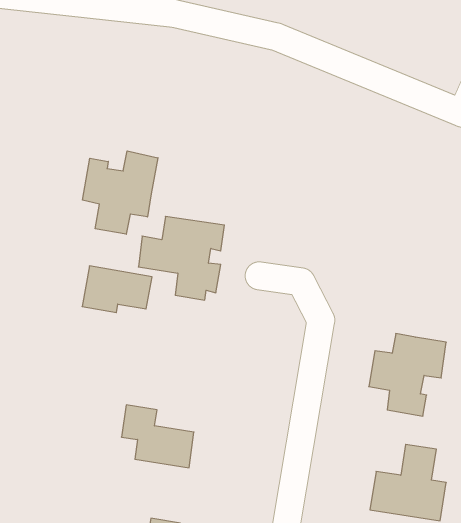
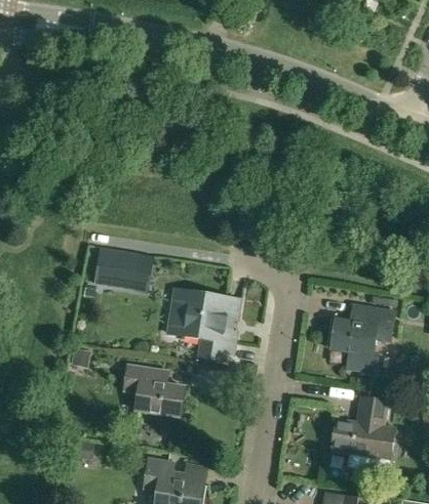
building: [83,151,158,234] -> none
building: [138,216,224,300] -> [168,291,240,361]

